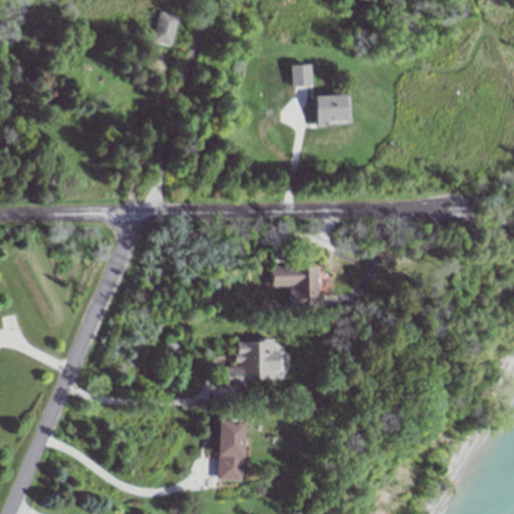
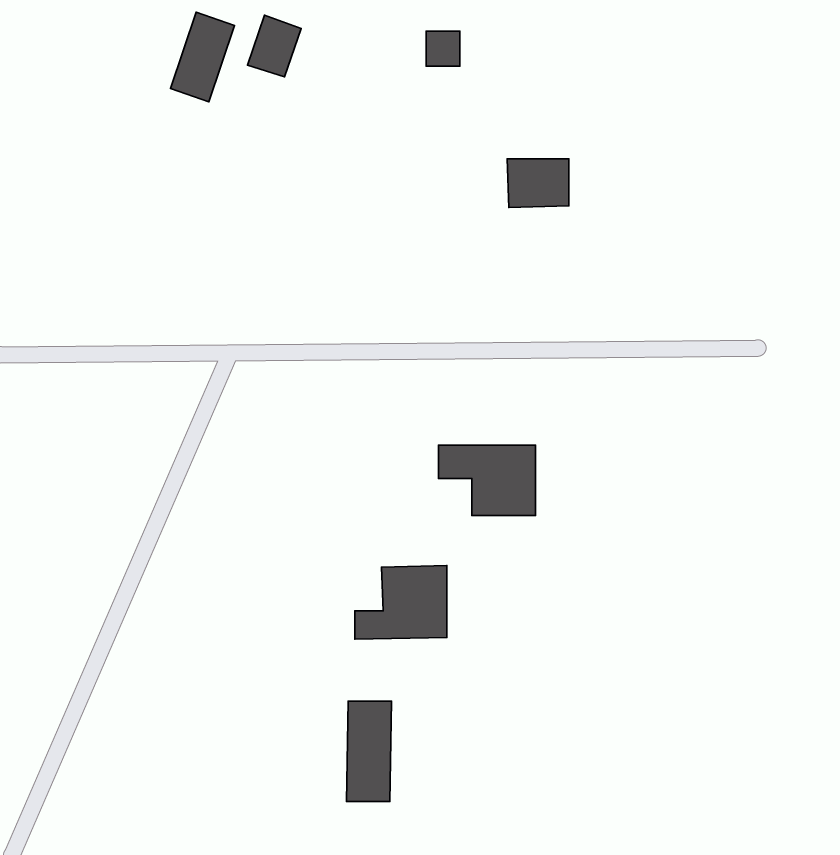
building: none -> [171,12,234,102]
building: [294,64,314,85] -> [426,31,460,66]

